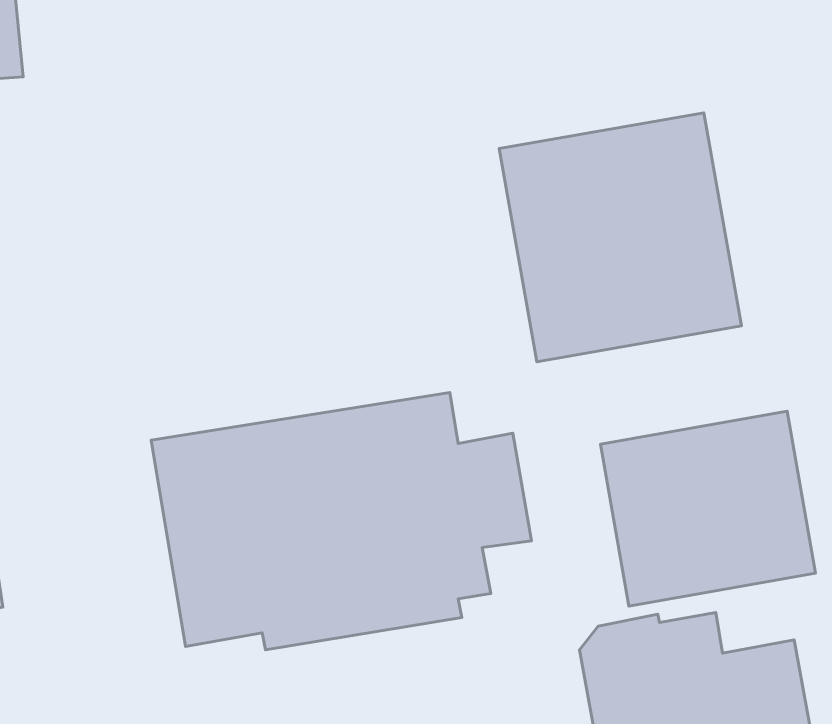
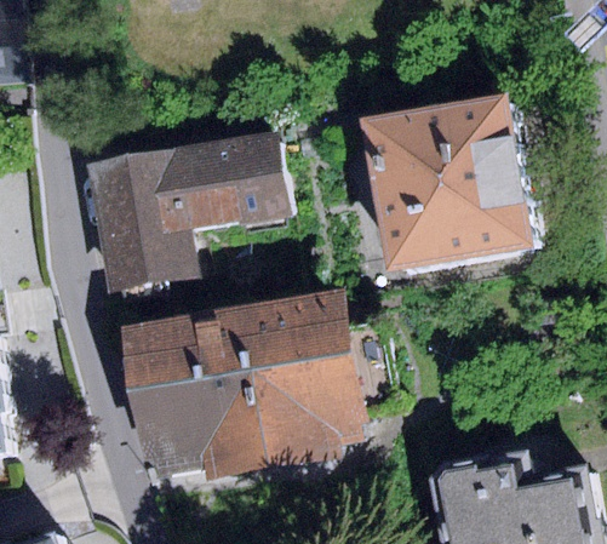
building: none -> [76,132,286,291]
building: [600,411,816,606] -> none

